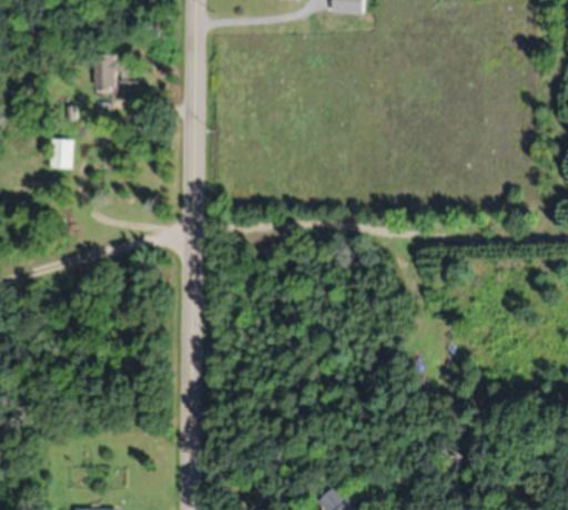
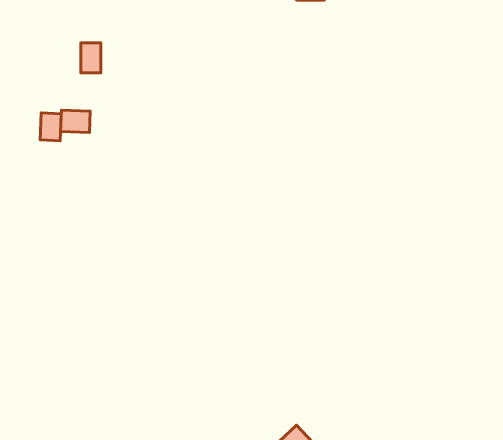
building: none -> [61,110,90,133]

